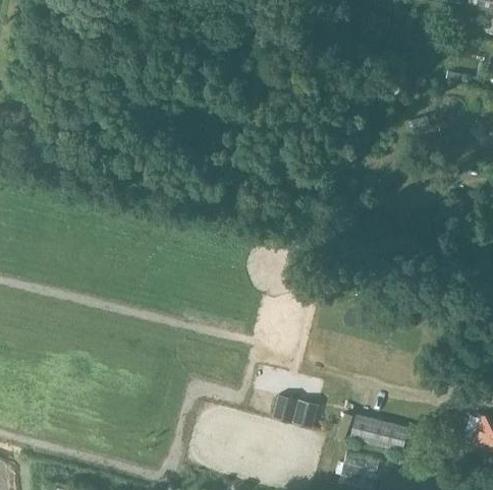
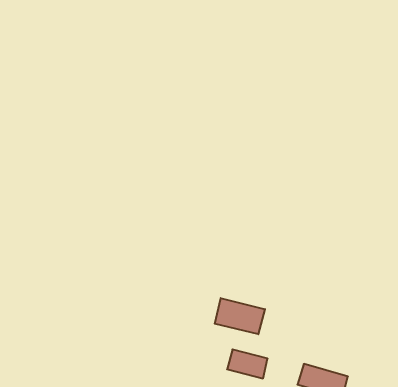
building: none -> [215,298,265,334]

